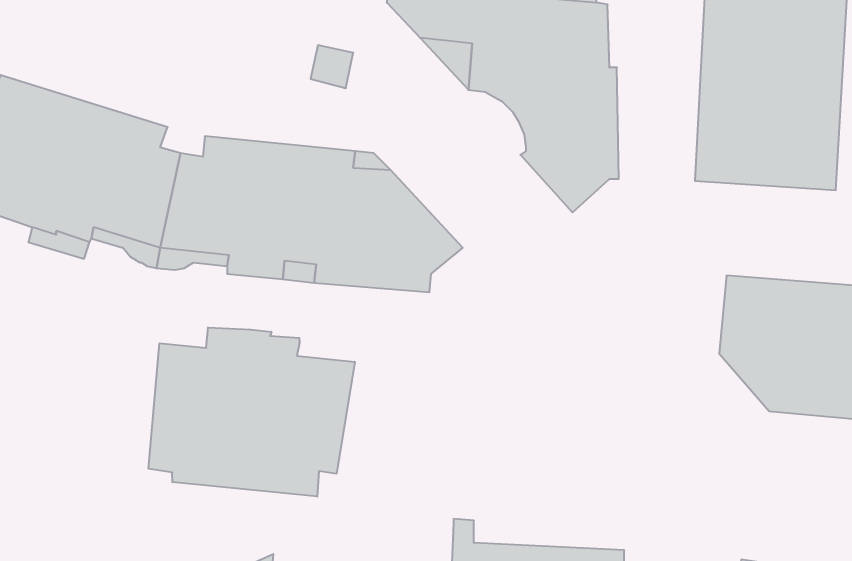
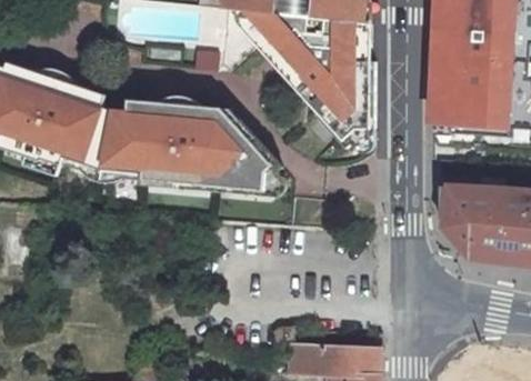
building: [149,327,355,497] -> none

